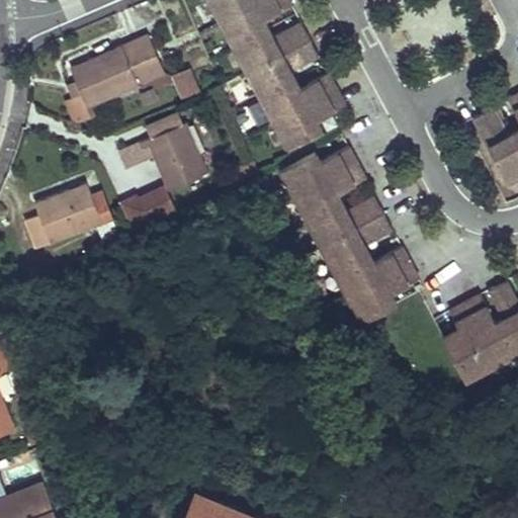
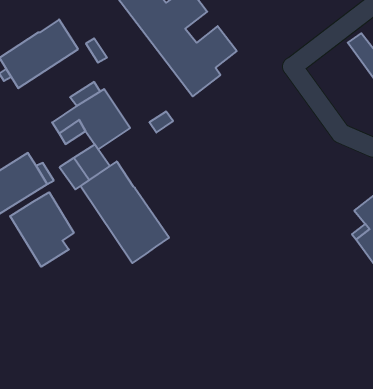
building: [279,145,418,322] -> none
building: none -> [81,161,169,263]
building: none -> [10,192,74,267]

